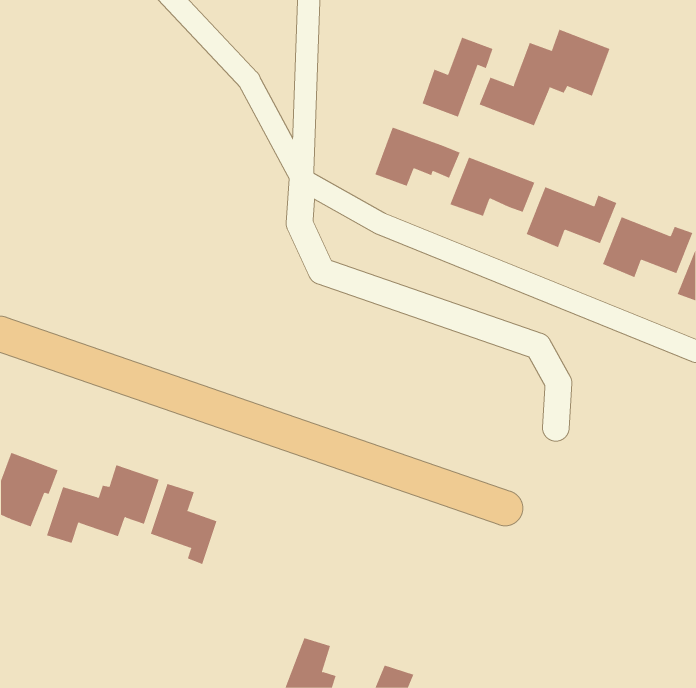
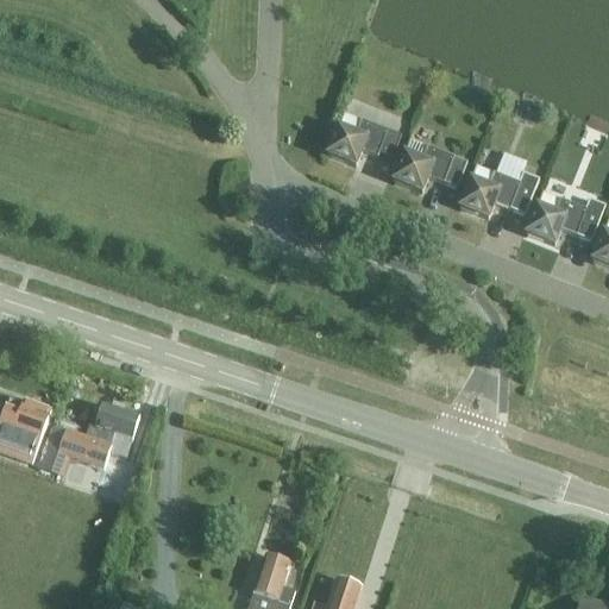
building: [479,29,610,126] -> none
building: [422,37,493,117] -> none
building: [150,483,217,565] -> none

